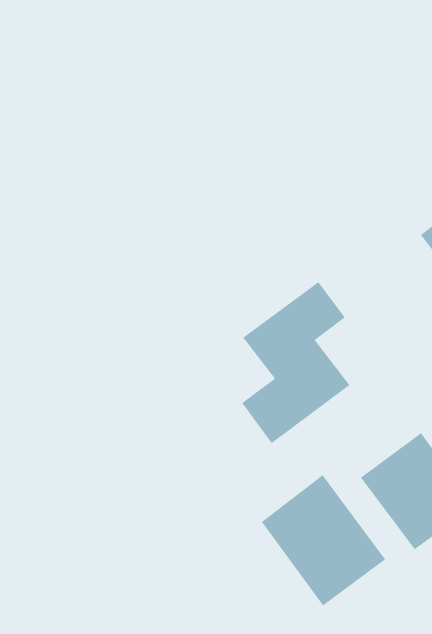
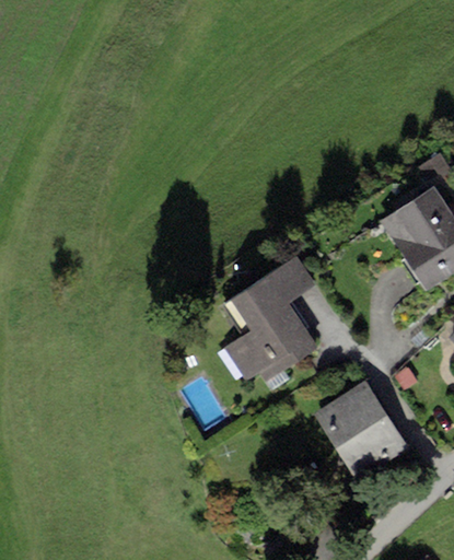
building: [261,474,386,606] -> none

